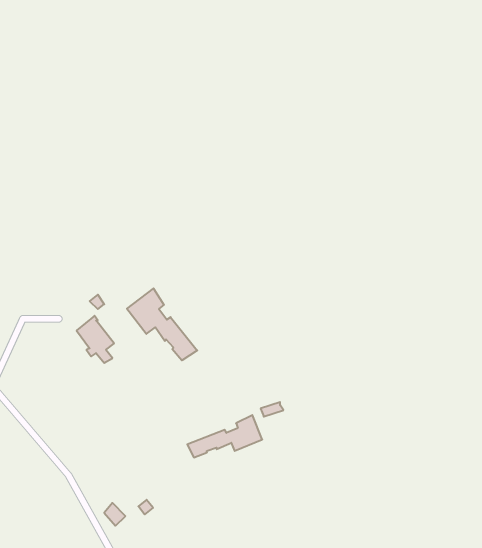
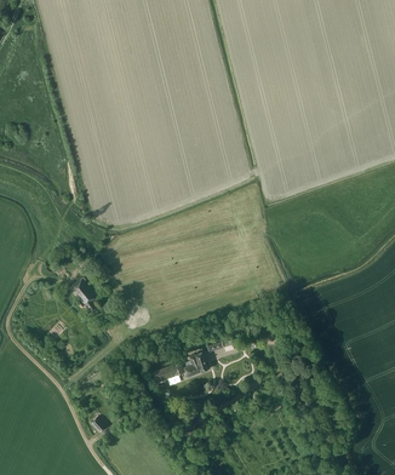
building: [127,288,197,360] -> none

